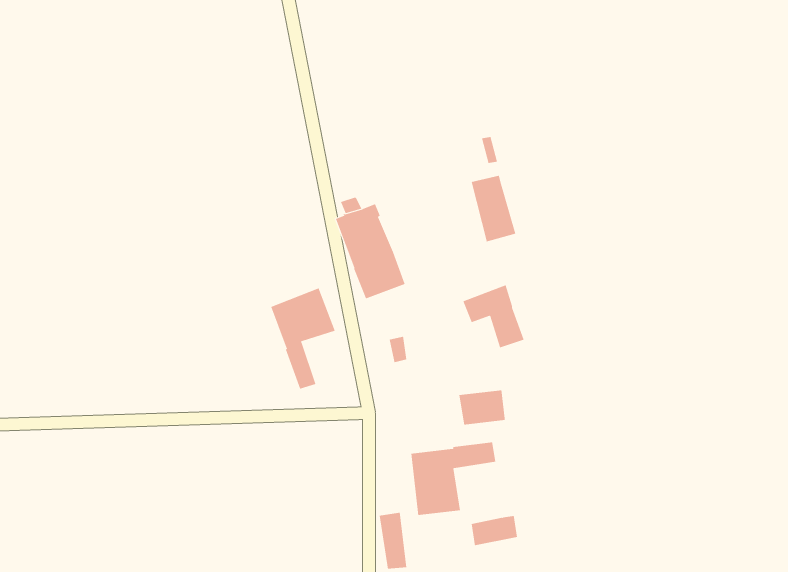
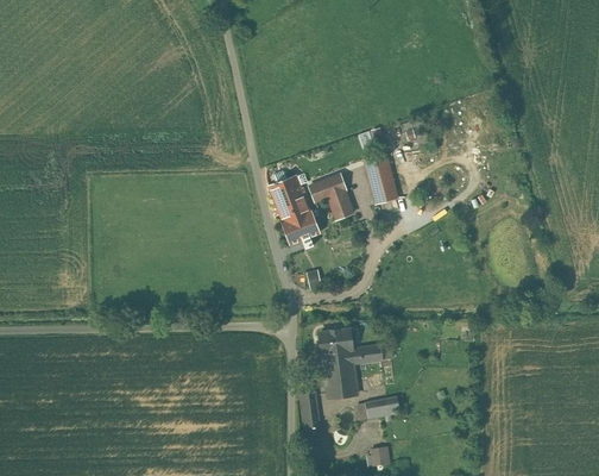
building: [463,284,525,348] -> [309,173,353,218]
building: [271,288,335,390] -> none
building: [459,390,505,425] -> [319,327,352,352]

